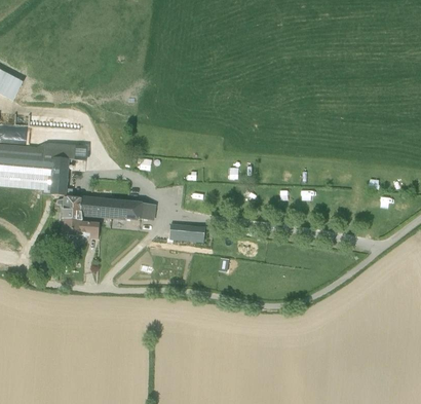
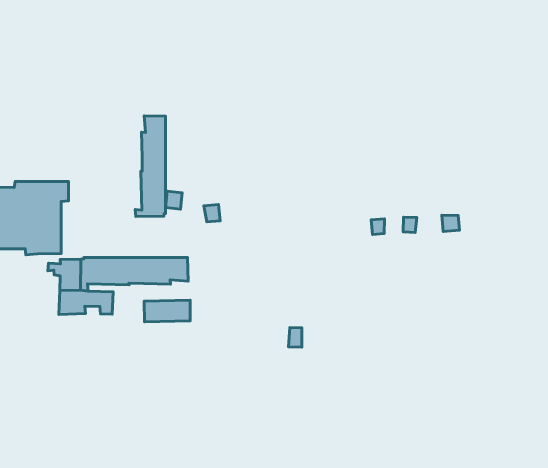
building: none -> [135,116,166,216]
building: [170,223,203,240] -> [144,300,190,322]

